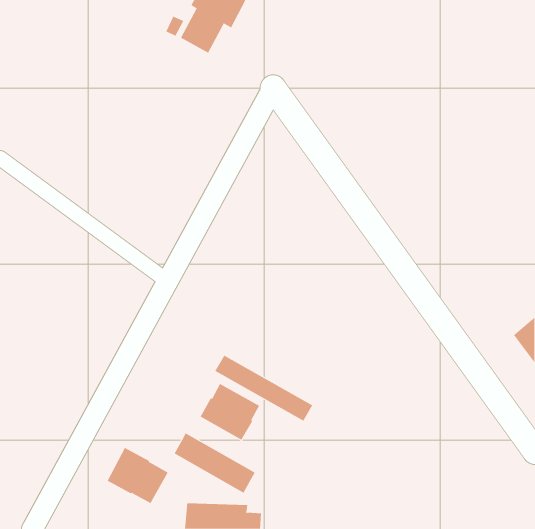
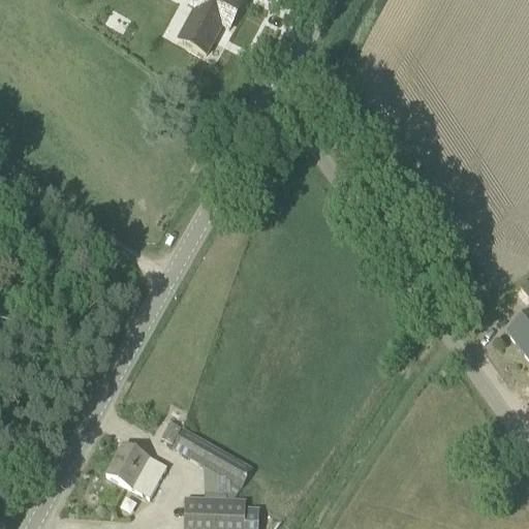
building: [215,355,313,421] -> none
building: [200,383,260,441] -> none

